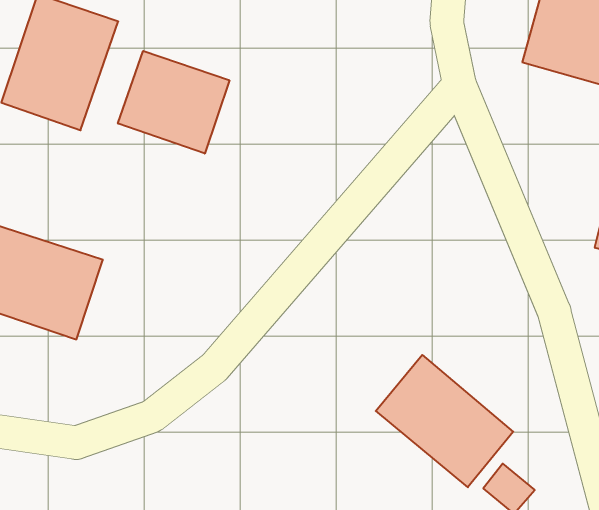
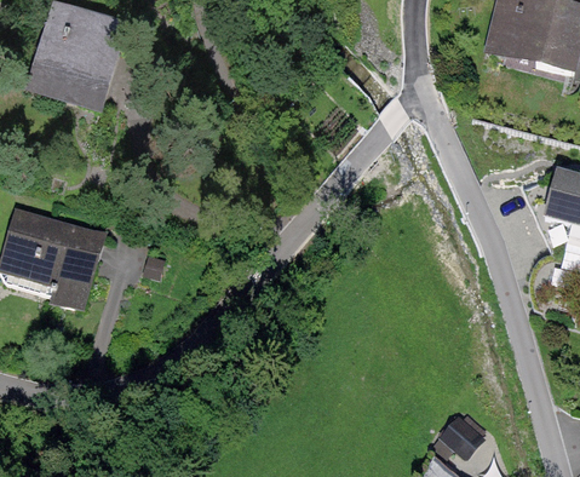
building: [118,51,229,154] -> none
building: [376,355,513,487] -> none

